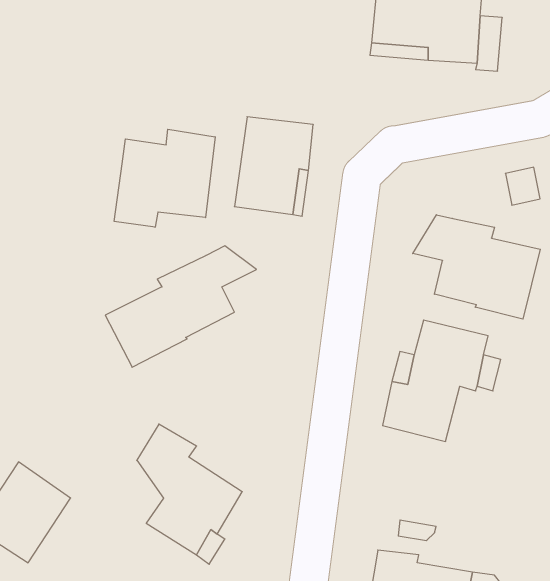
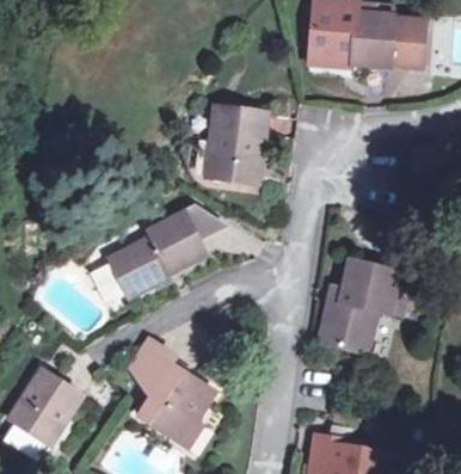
building: [114,129,215,227] -> none
building: [413,215,540,319] -> none

